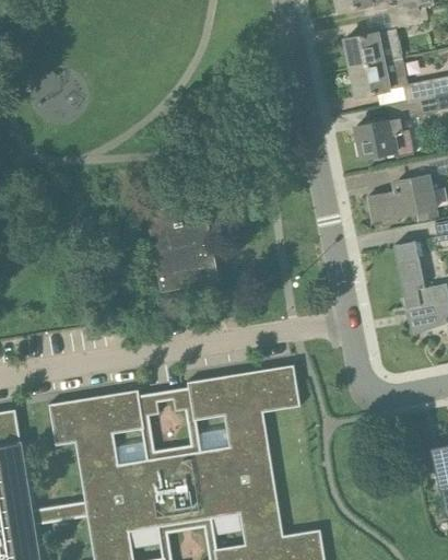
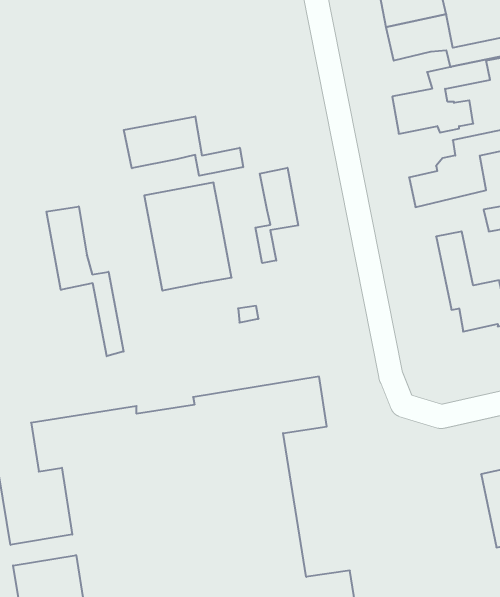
building: none -> [124,116,243,176]
building: none -> [255,168,298,263]
building: none -> [46,206,124,356]

